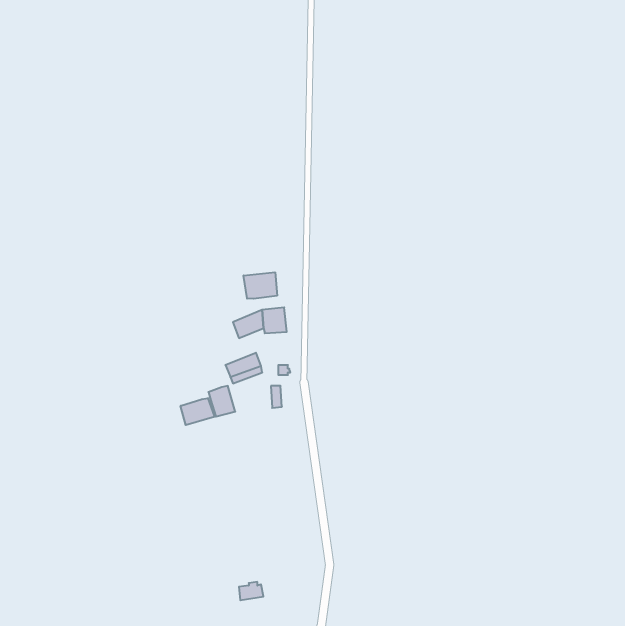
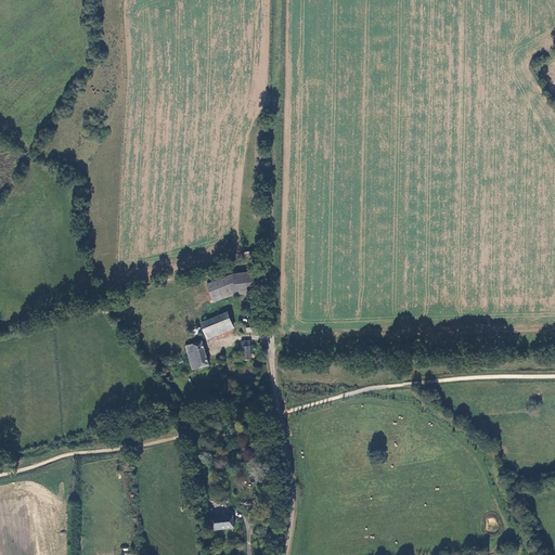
building: [244,272,277,299] -> none
building: [181,398,215,425] -> none

